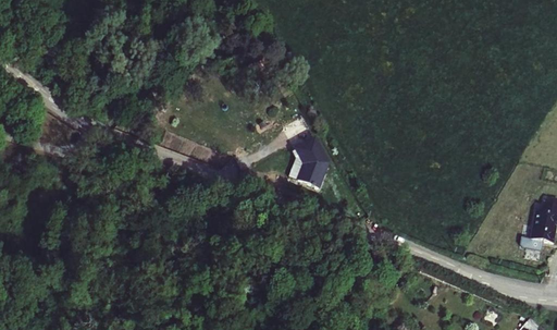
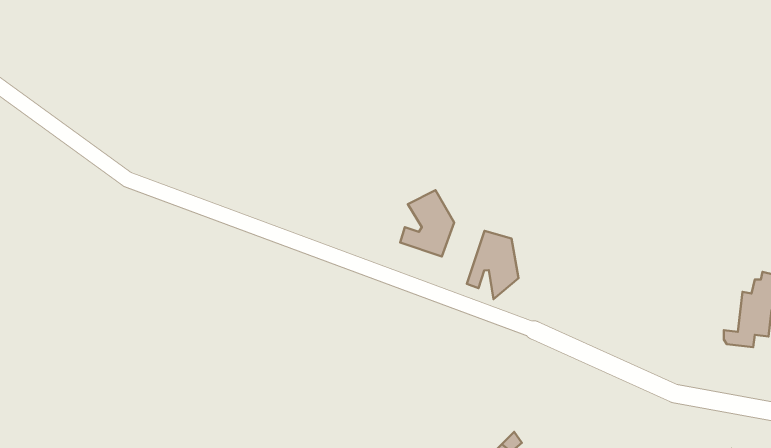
building: none -> [467,231,519,299]

